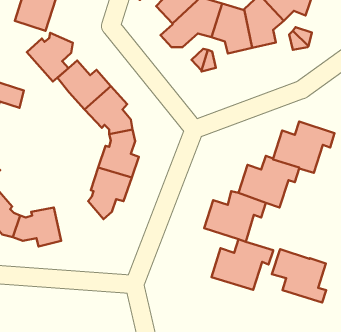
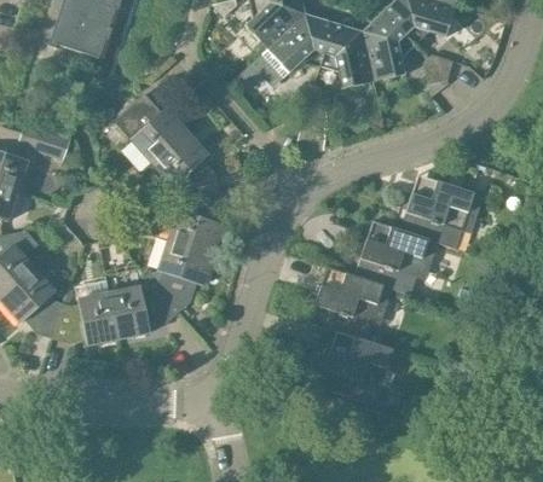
building: [27,33,73,81] -> none
building: none -> [109,284,175,337]
building: [272,249,326,302] -> none

